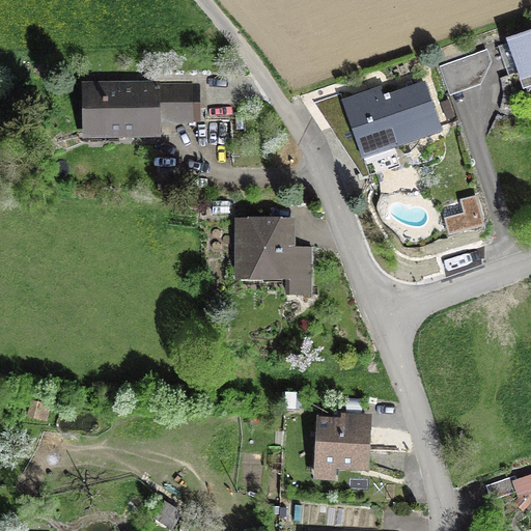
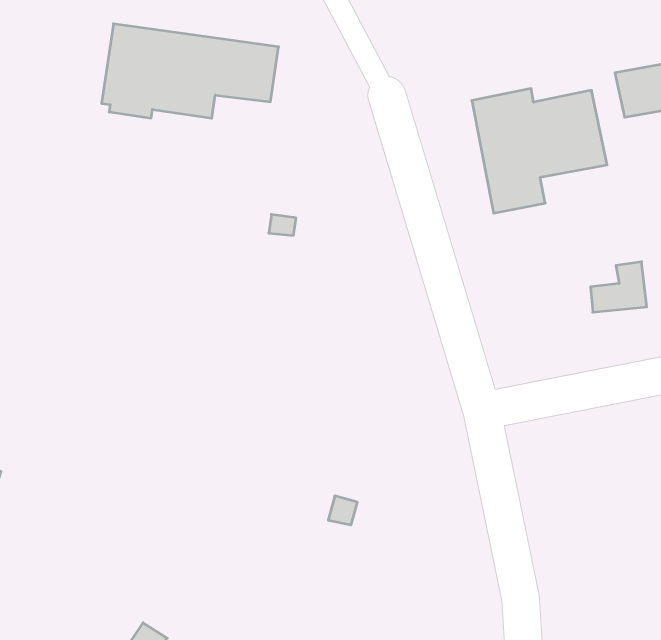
building: [233,217,312,295] -> none
building: [313,412,372,480] -> none

